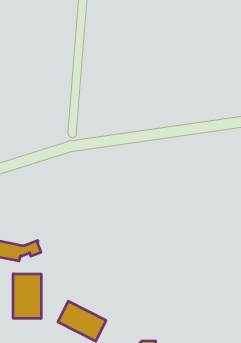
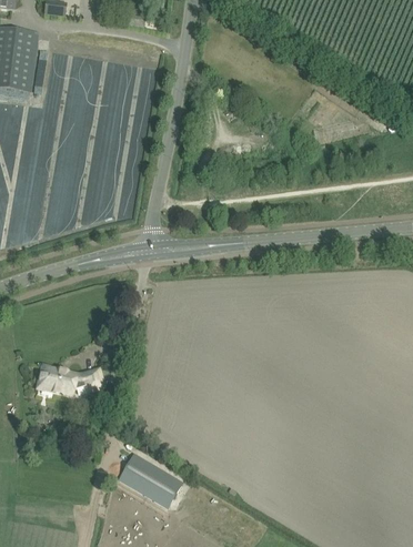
building: [13,274,41,319] -> none

